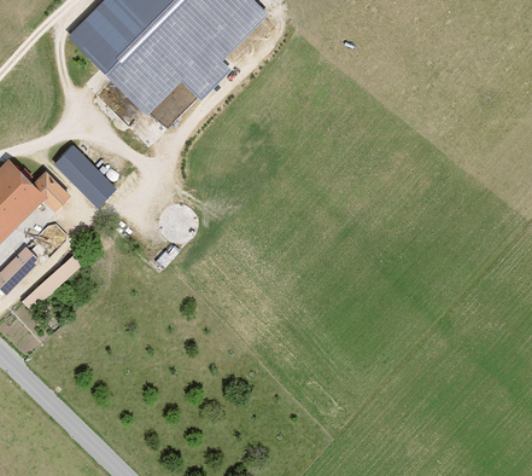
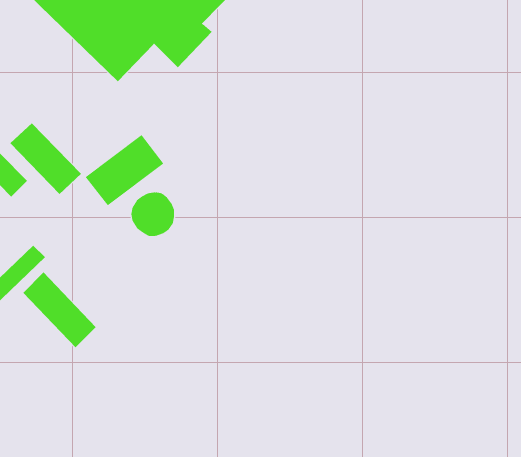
building: none -> [85,134,164,206]
building: none -> [22,272,97,348]

